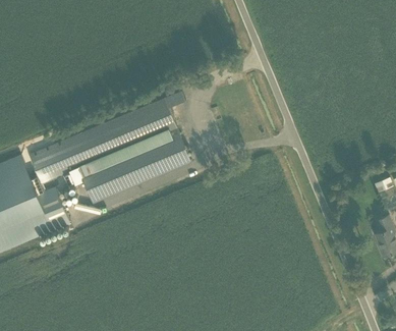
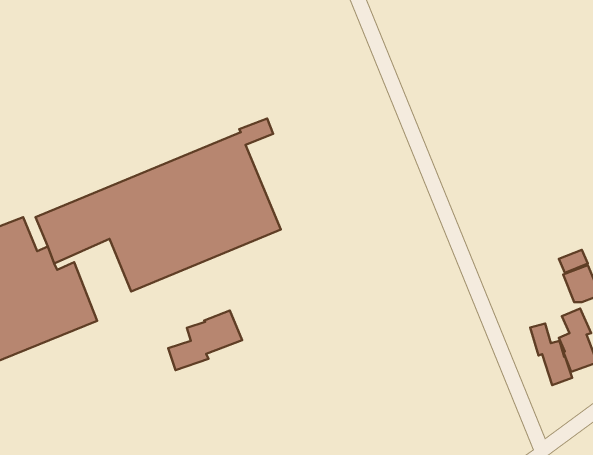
building: none -> [168,311,242,370]
building: none -> [530,324,572,385]

